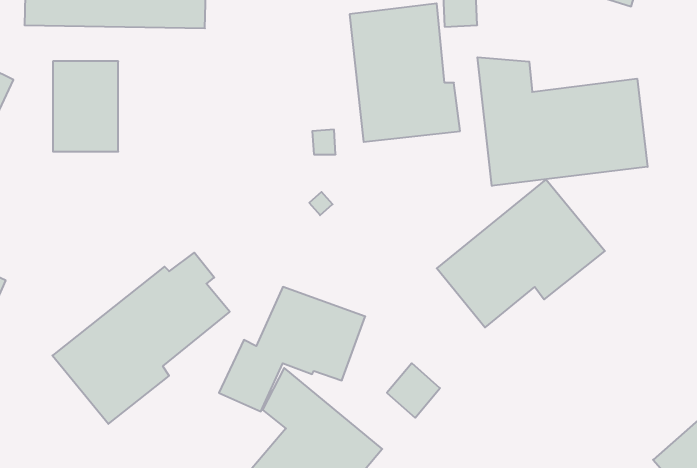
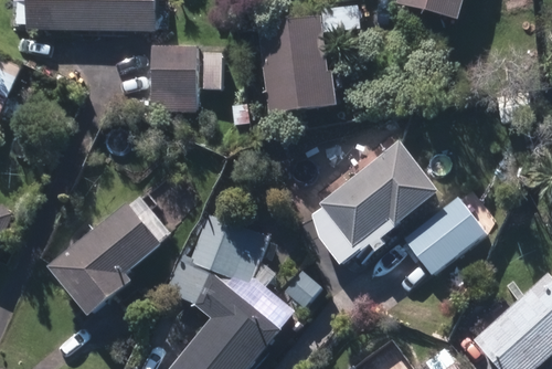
building: [477,57,648,186] -> none
building: [53,61,118,152] -> [150,48,197,112]
building: none -> [405,198,485,274]

